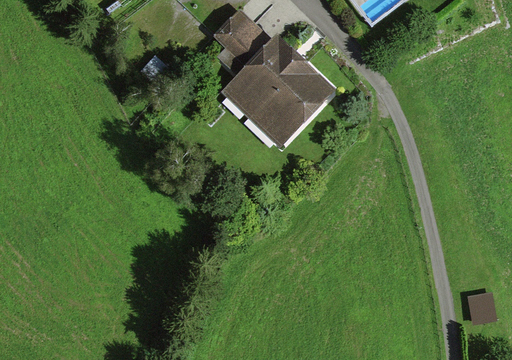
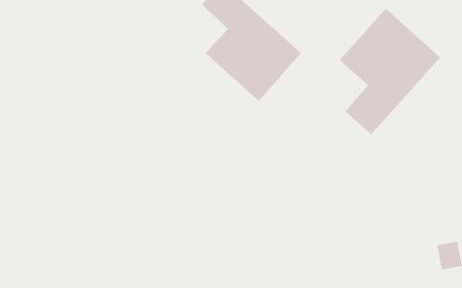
building: none -> [339,8,441,135]

